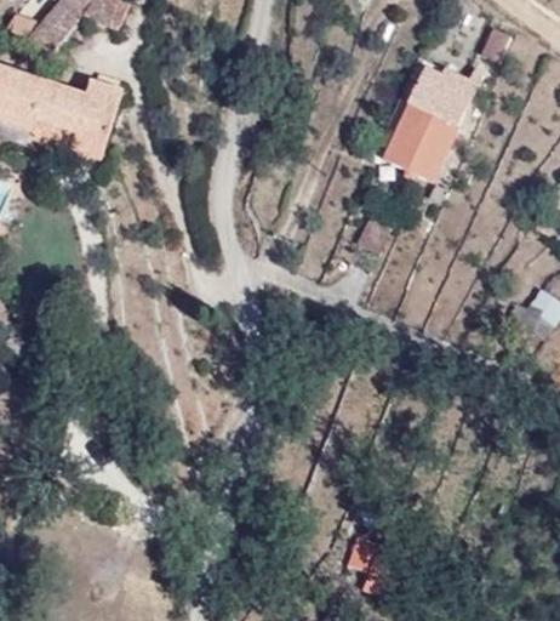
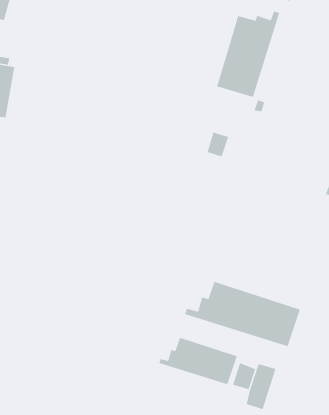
building: none -> [184,281,301,347]
building: none -> [158,337,238,385]

